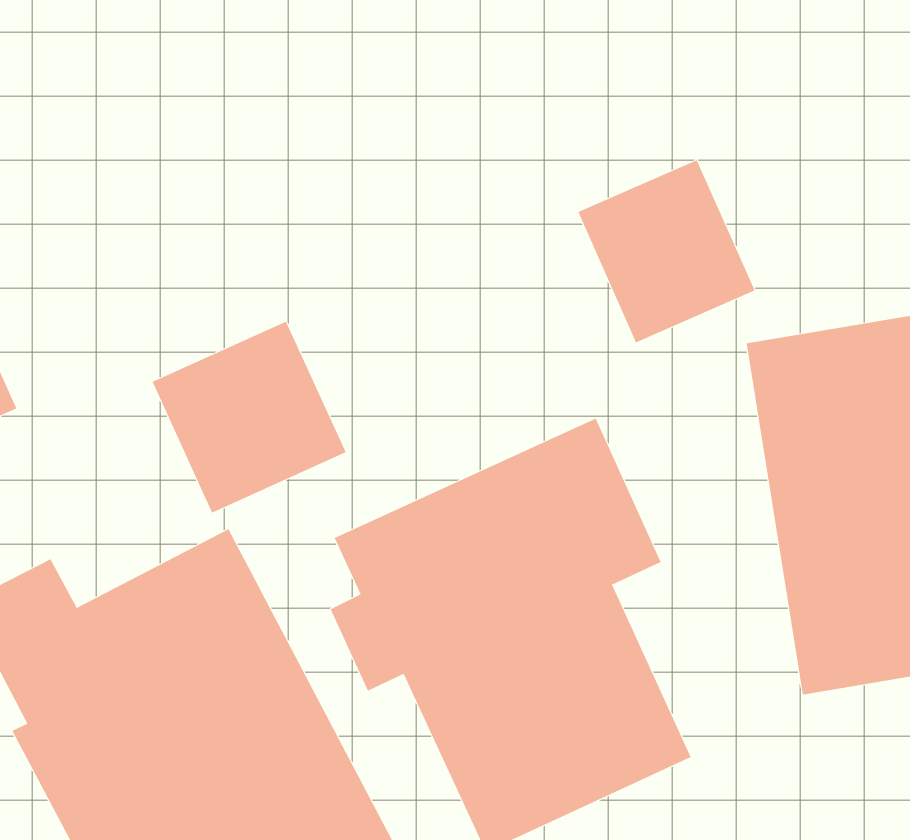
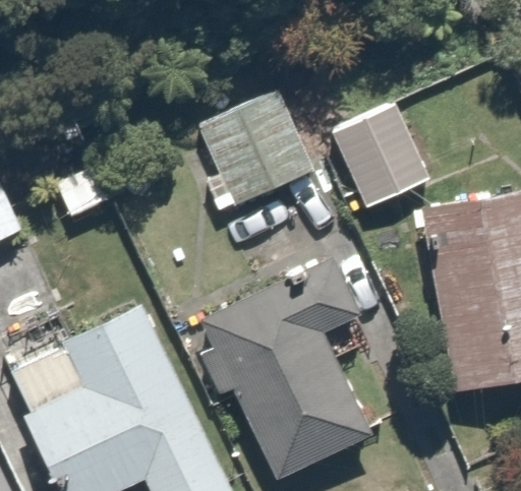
building: none -> [195,85,322,219]
building: [152,321,347,513] -> none

